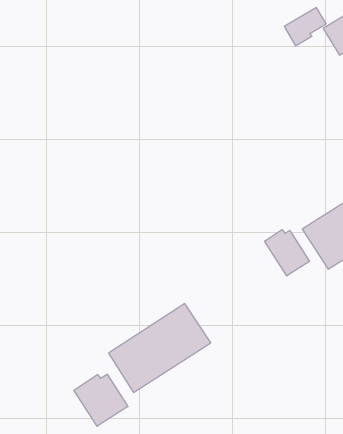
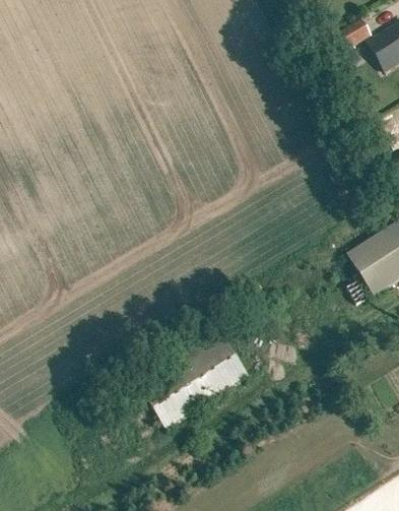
building: [265,230,309,276] -> none
building: [74,374,128,426] -> none

